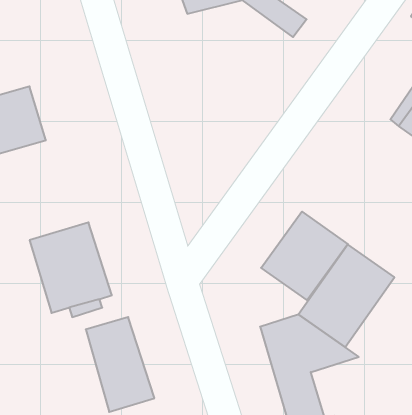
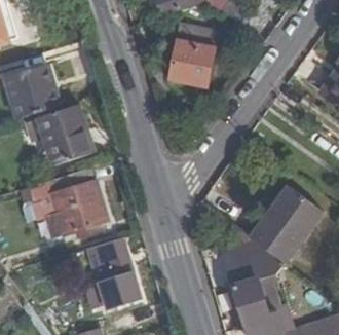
building: none -> [171,26,218,83]
building: none -> [33,108,83,164]
building: [261,212,348,300] -> none

